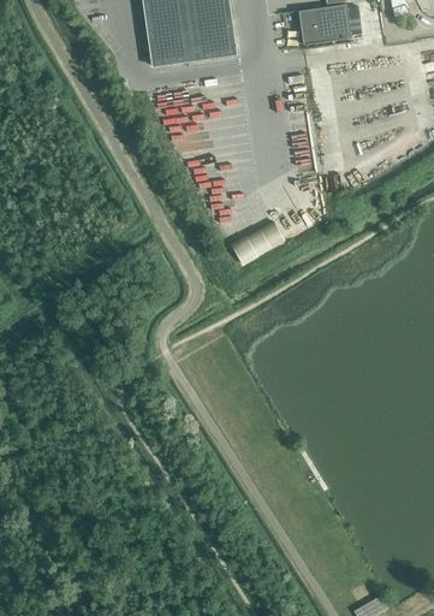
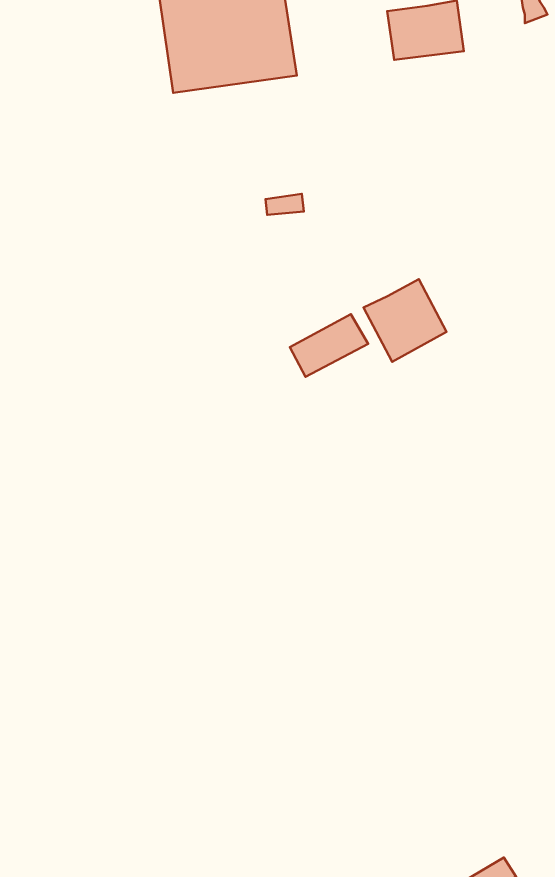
building: none -> [363,279,446,362]

